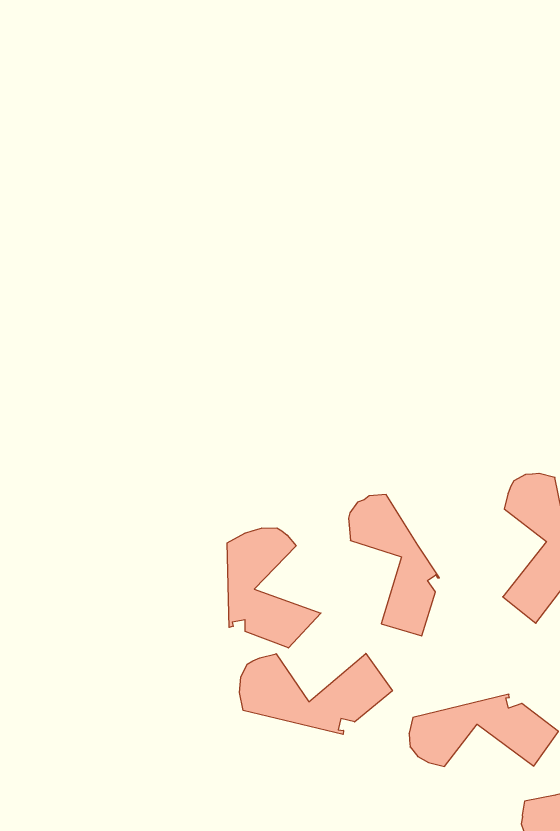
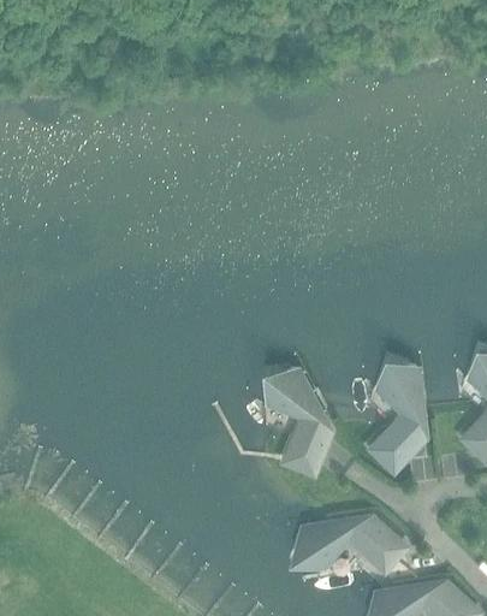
building: [227,528,321,648] -> none
building: [239,653,392,734] -> none

